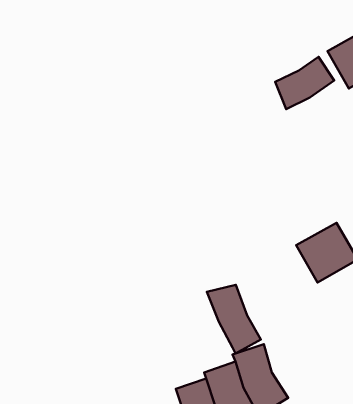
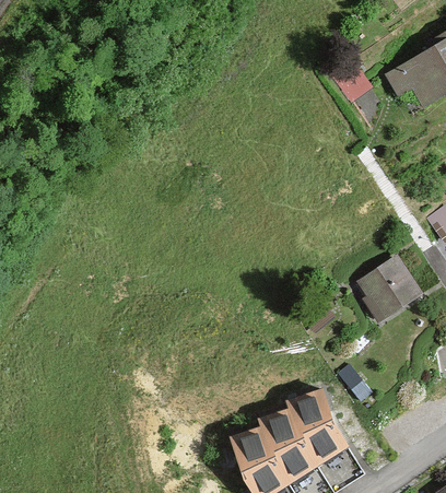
building: [275,57,334,109] -> none
building: [207,285,261,353] -> none

